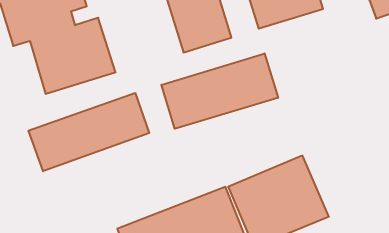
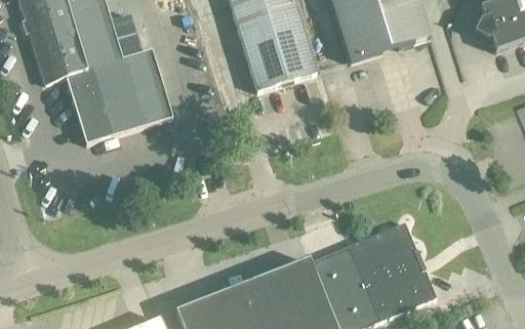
building: [161,53,278,129] -> none
building: [28,93,149,171] -> none

